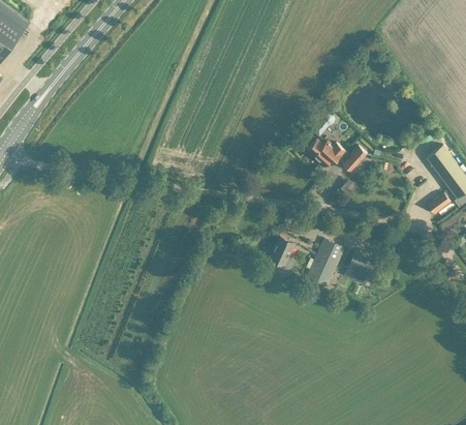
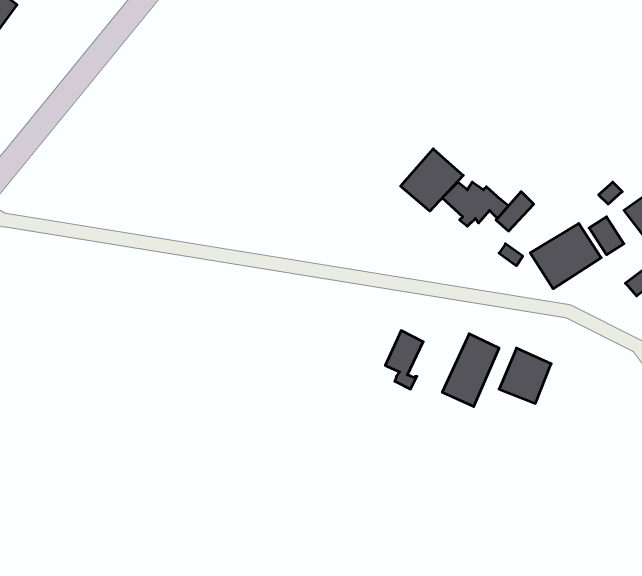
building: none -> [401,149,463,211]
building: none -> [530,223,601,289]

